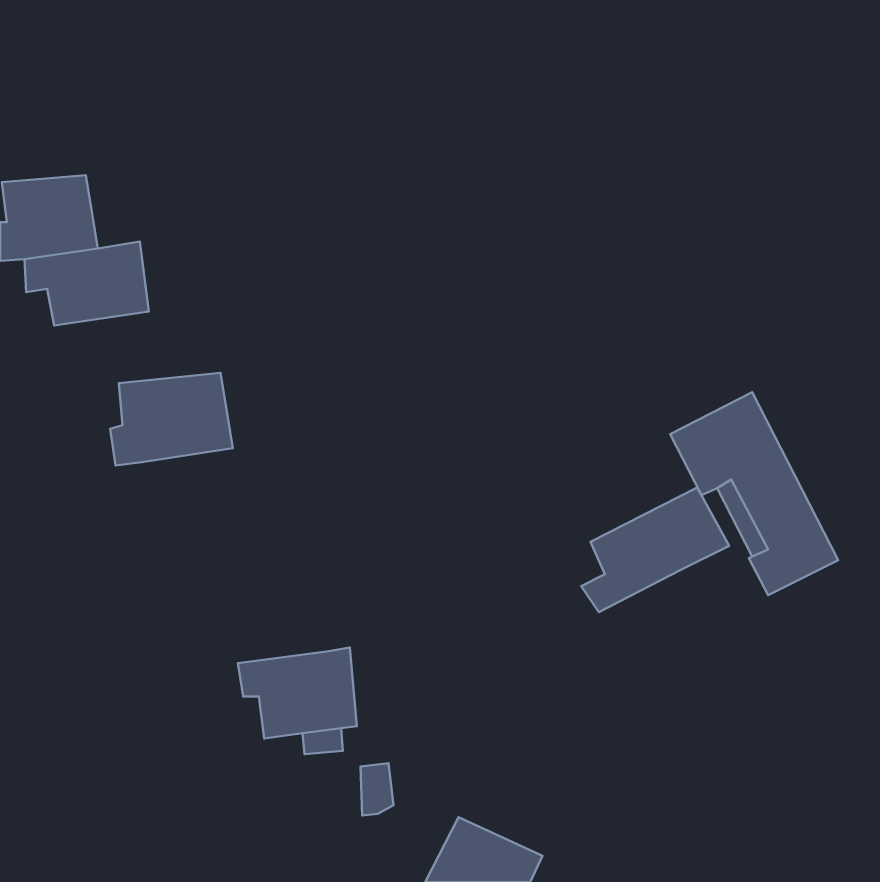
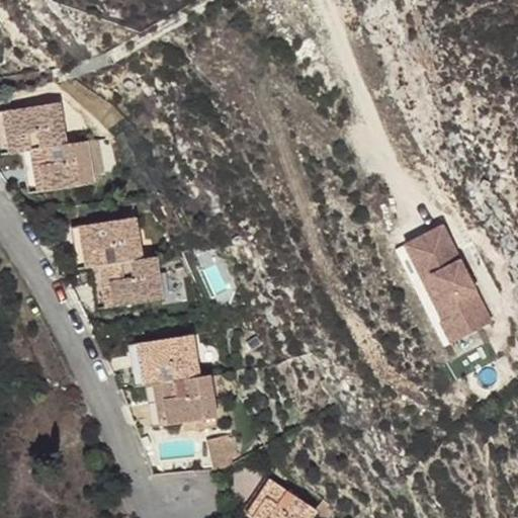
building: none -> [90,257,164,307]
building: [581,488,729,612] -> none
building: none -> [130,335,198,385]

